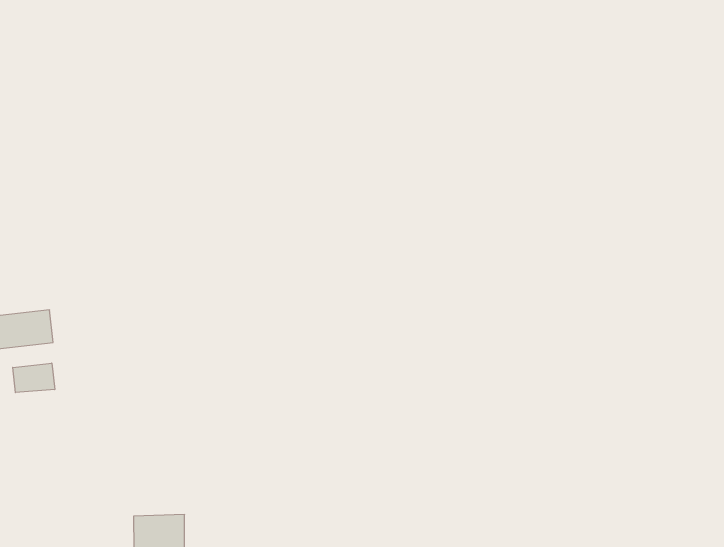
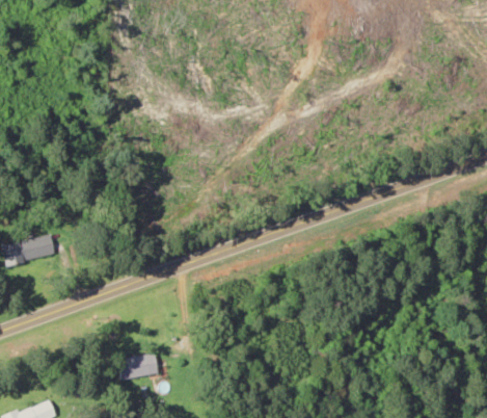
building: [13,363,55,393] -> none

